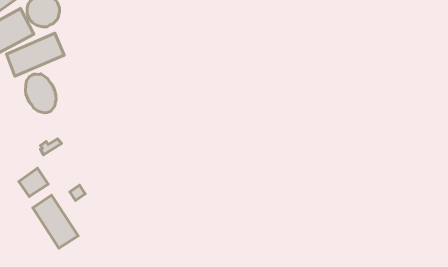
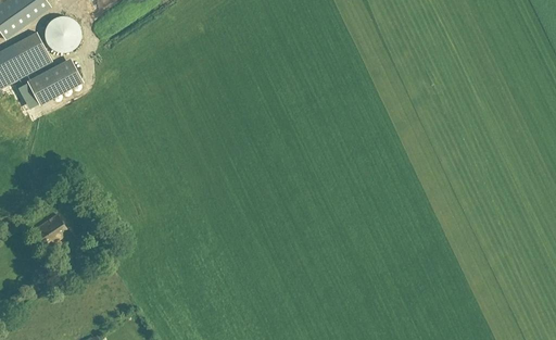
building: [26,74,56,113] -> none
building: [33,195,78,248] -> none

